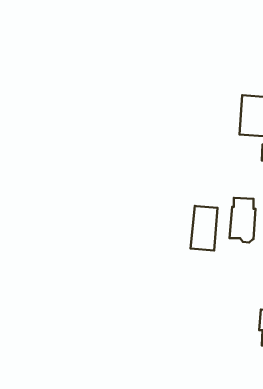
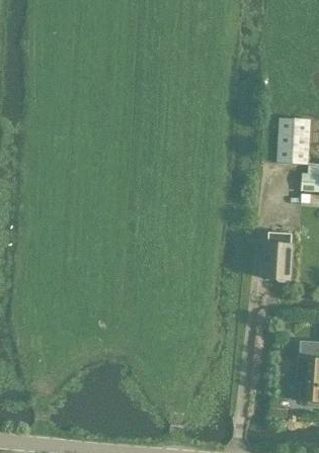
building: [191,206,218,251] -> none

